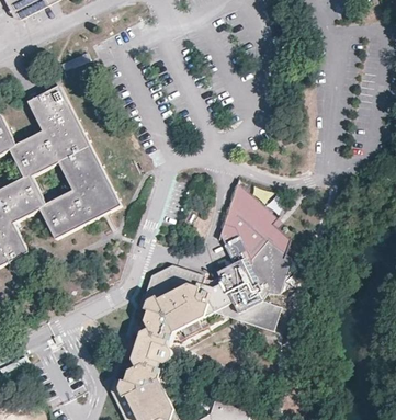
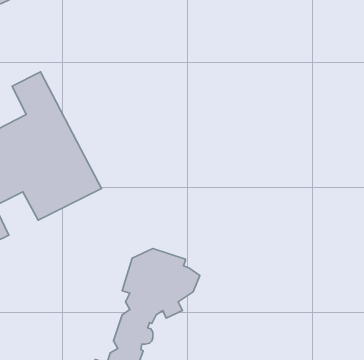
building: [202,183,290,329] -> none

